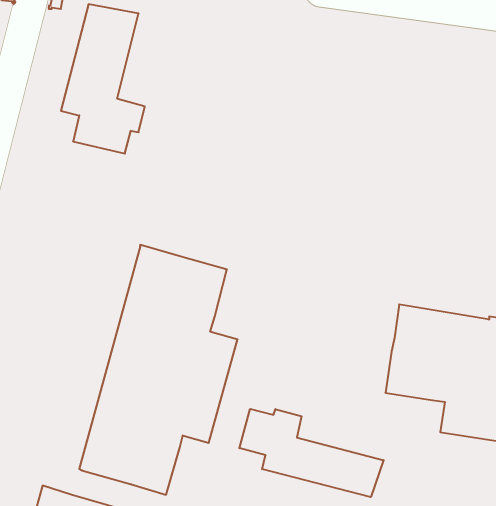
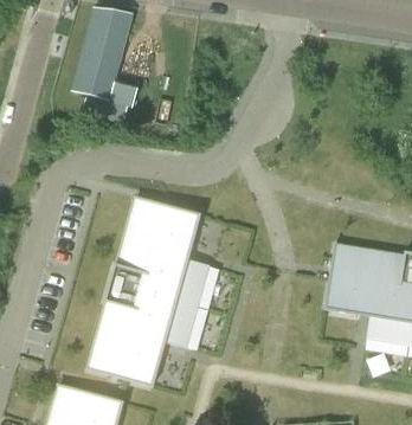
building: [239,409,384,497] -> none

